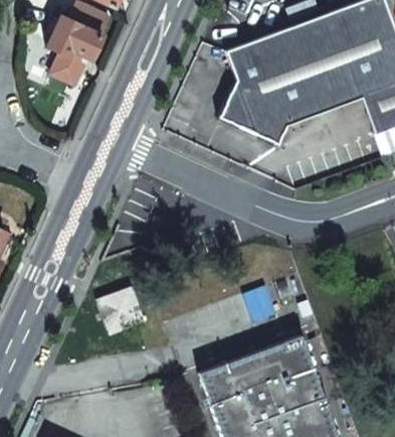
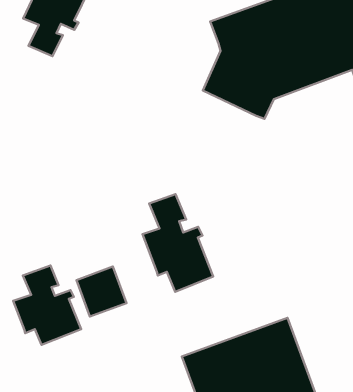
building: none -> [142,194,213,292]
building: none -> [13,266,81,345]

